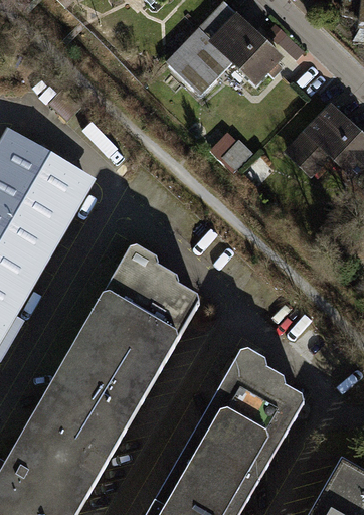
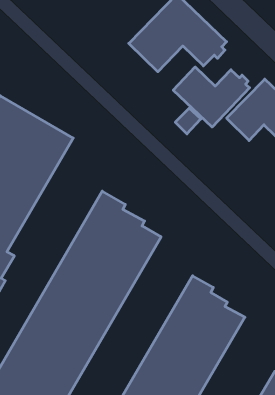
building: none -> [173,67,250,127]

